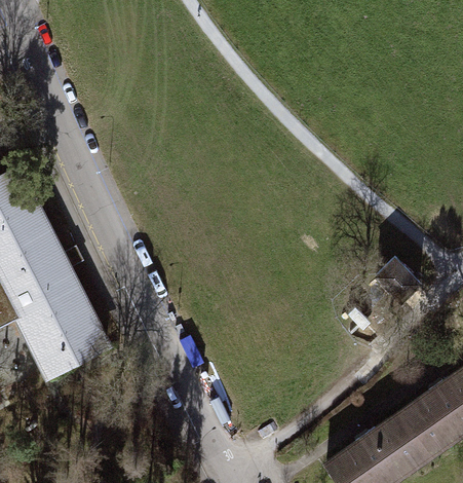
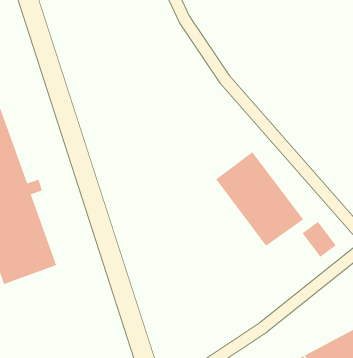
building: none -> [215,151,304,247]

